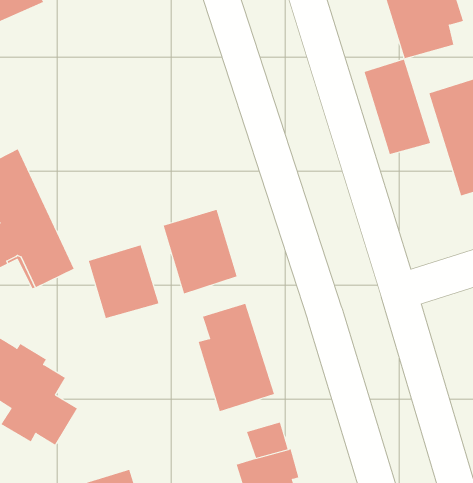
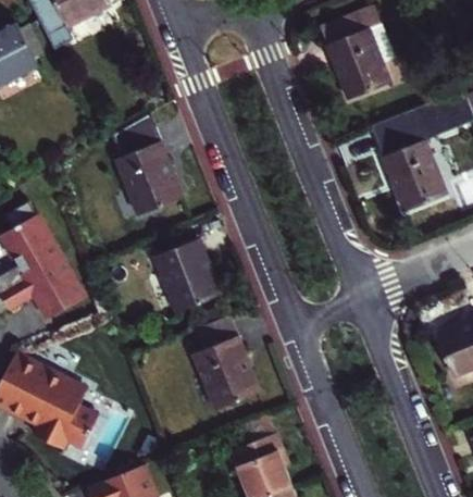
building: none -> [117,114,184,216]
building: [364,59,431,155] -> none
building: [88,245,159,319] -> none

